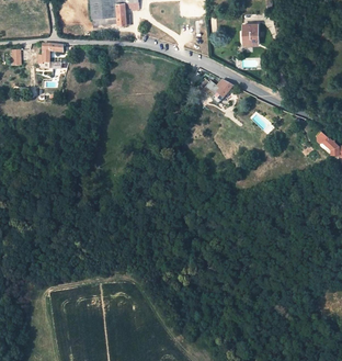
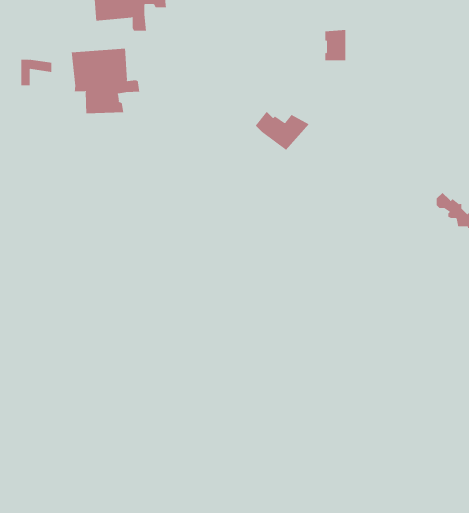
building: none -> [71,48,140,114]

